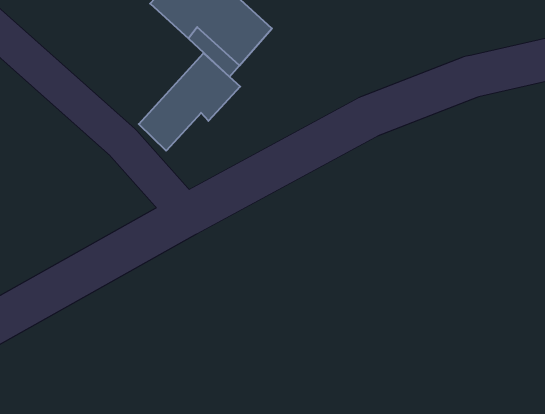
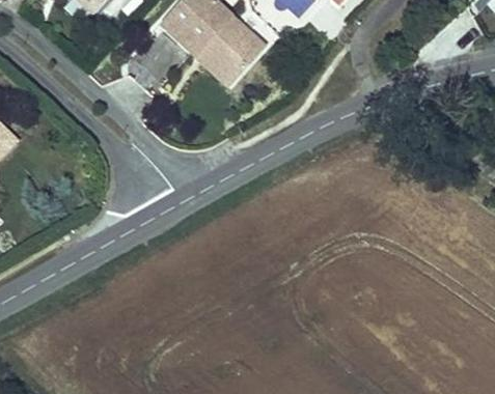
building: [139,53,240,151] -> none

